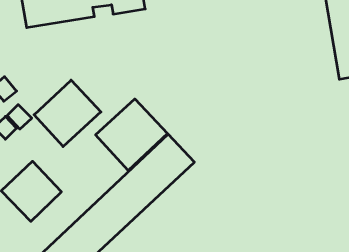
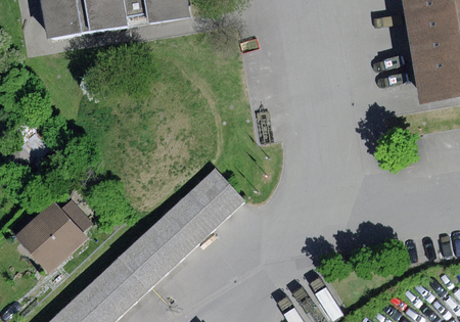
building: [34,80,101,147] -> none
building: [96,99,168,171] -> none

